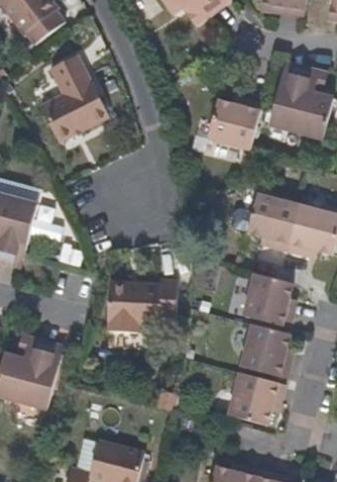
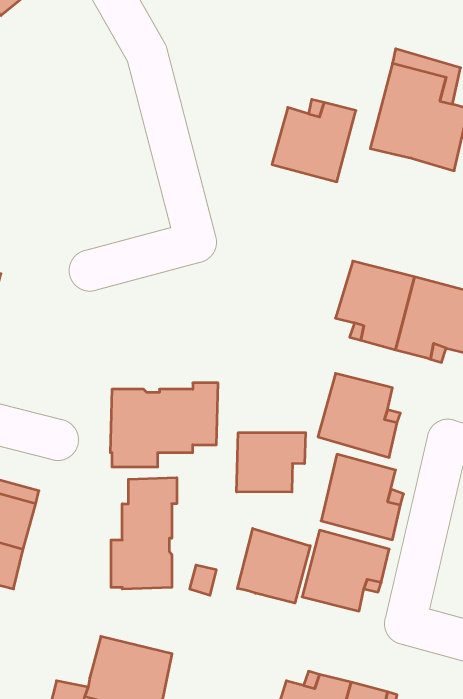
building: [40,56,109,143] -> none
building: none -> [237,433,306,492]
building: none -> [111,478,177,589]
building: none -> [237,528,310,603]

